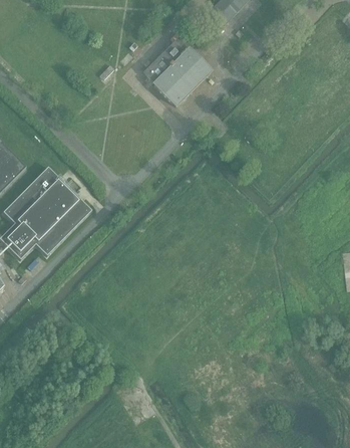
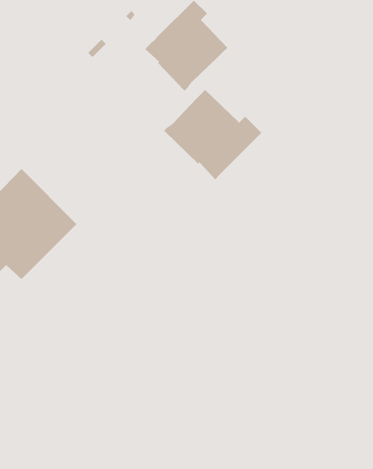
building: none -> [164,89,262,180]

